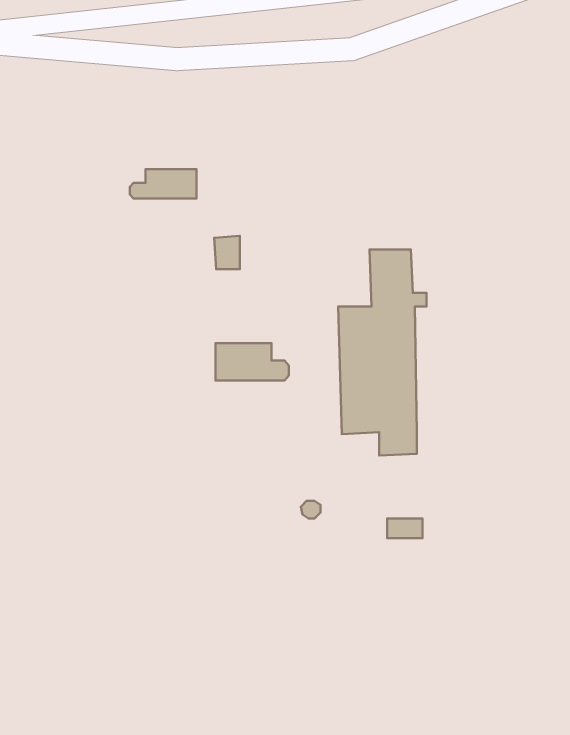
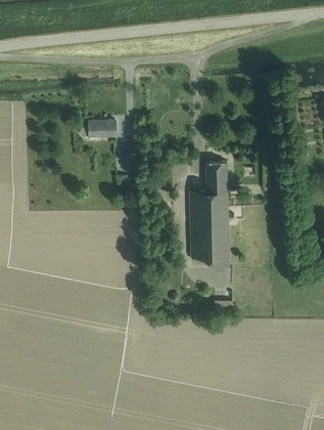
building: [215,343,289,380] -> none

